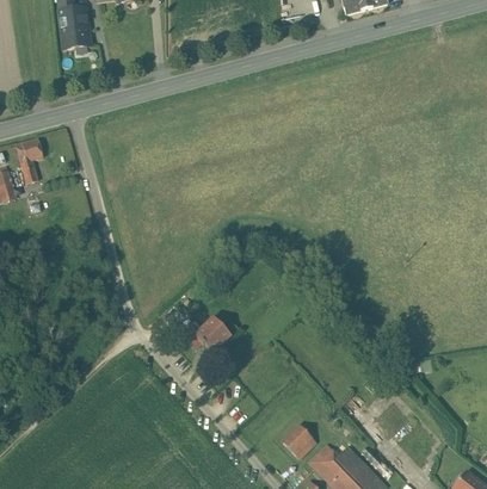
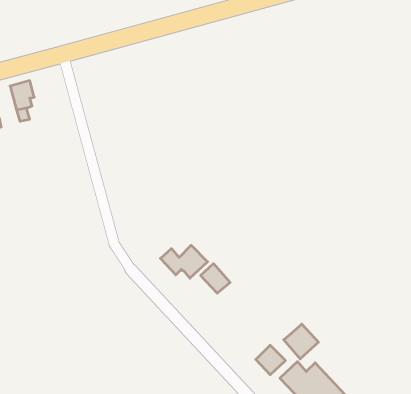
building: none -> [201,264,230,293]
building: none -> [284,324,318,359]

